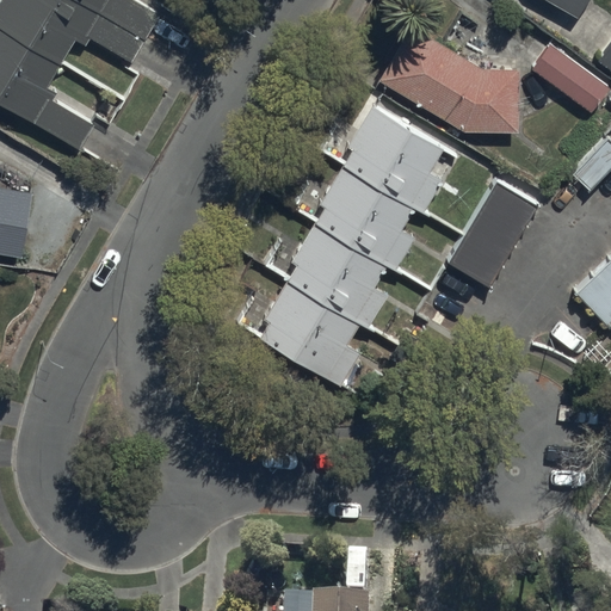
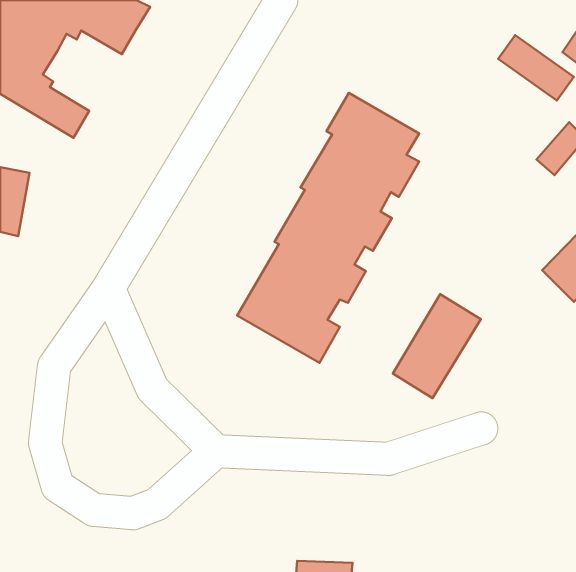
building: [378,21,516,130] -> none
building: [448,179,541,289] -> [393,294,481,398]

